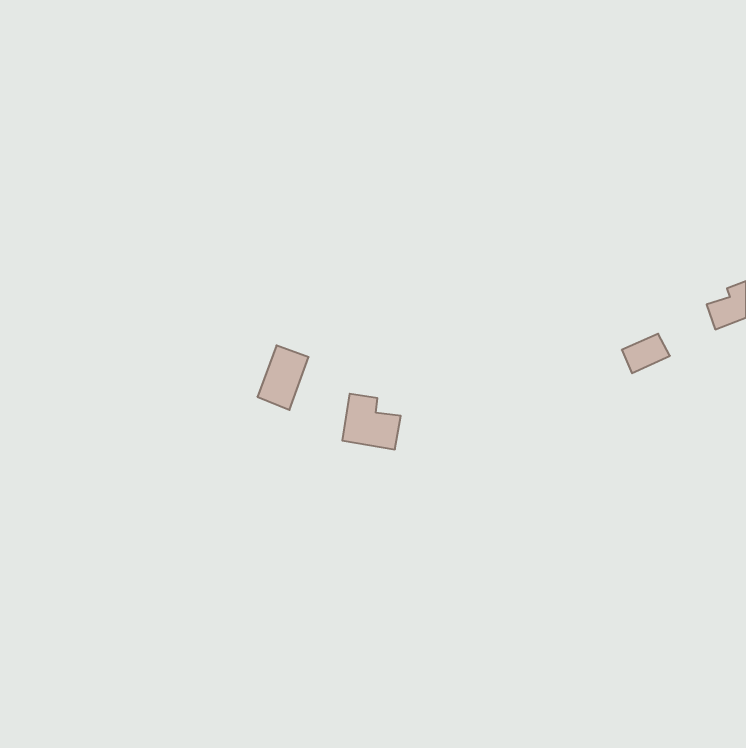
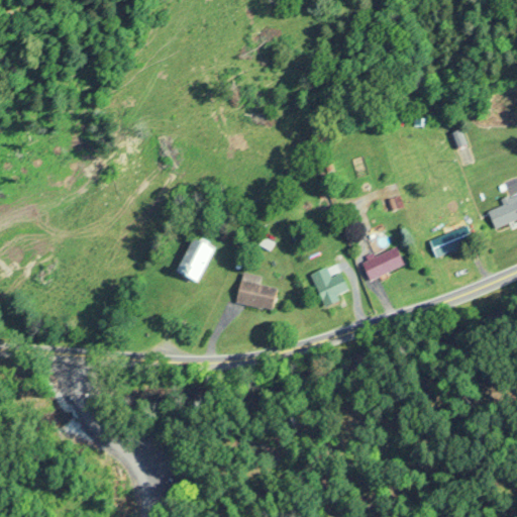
building: none -> [361,246,404,281]
building: none -> [315,274,348,302]

